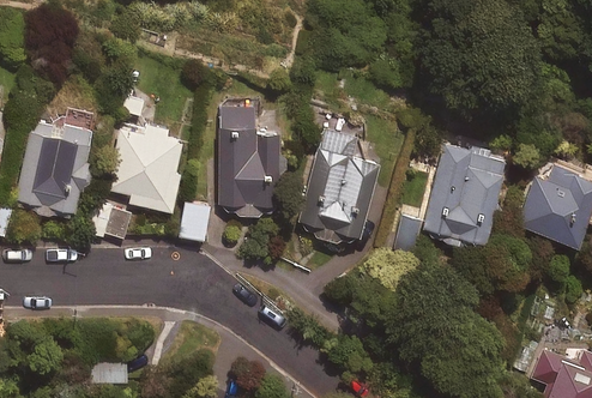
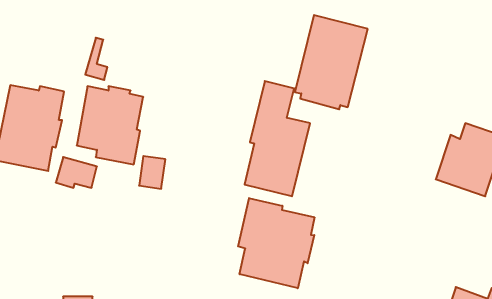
building: [222,105,279,216] -> none
building: [421,145,503,252] -> [295,15,368,109]
building: none -> [238,198,314,288]

